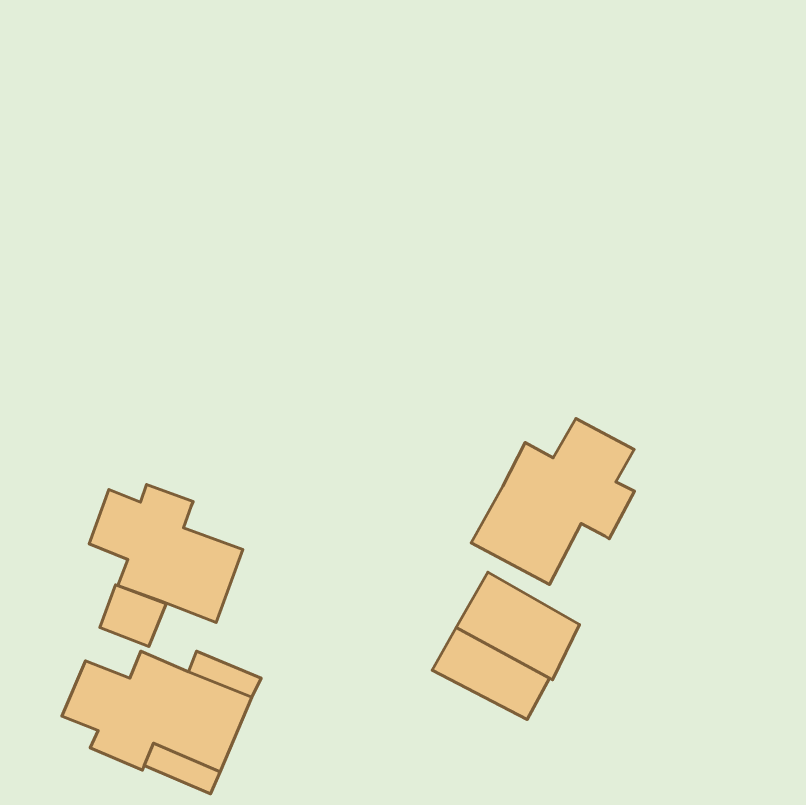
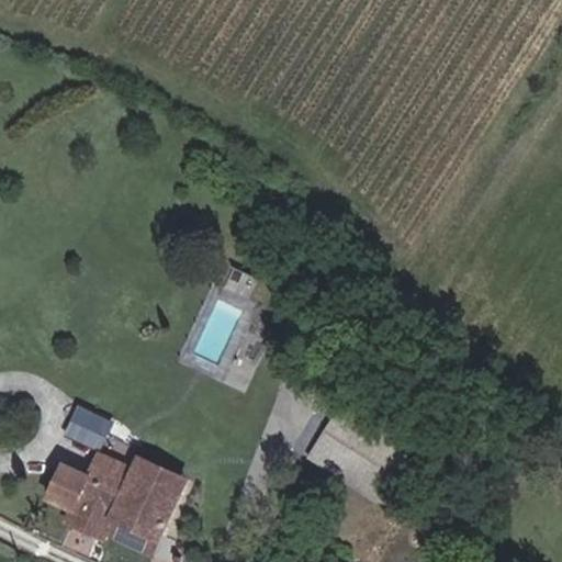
building: [471,419,634,584] -> none
building: [89,485,243,623] -> none

